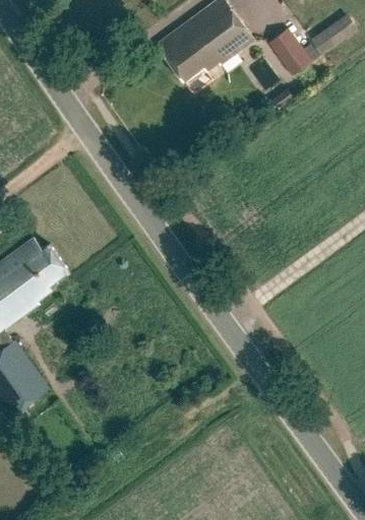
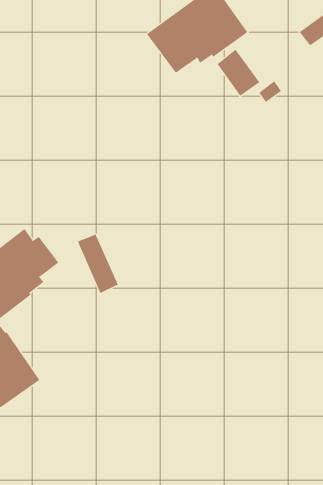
building: [267,28,311,76] -> [217,49,260,96]
building: none -> [77,234,118,294]

